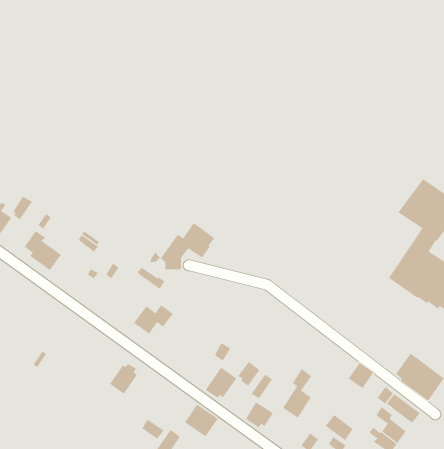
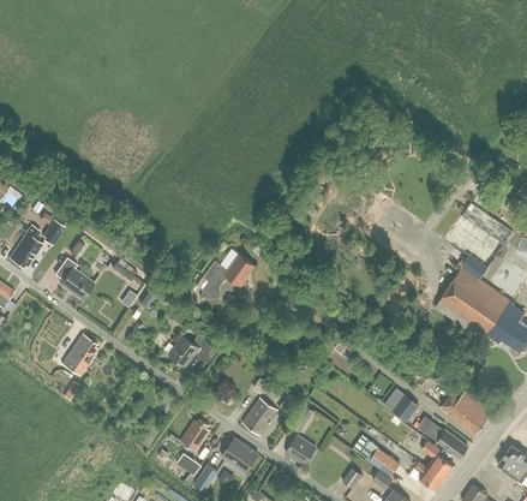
building: none -> [61,333,97,375]
building: [109,363,138,394] -> [179,418,209,451]
building: [282,368,312,419] -> none

